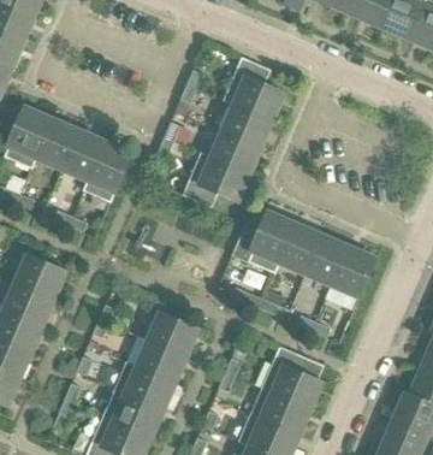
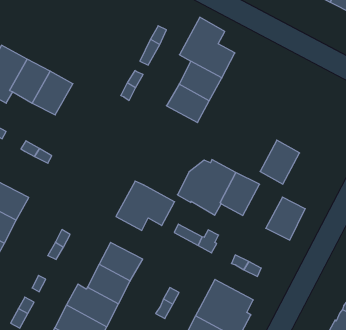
building: [84,142,131,200] -> none
building: [183,154,247,208] -> [116,181,175,230]
building: [306,236,348,284] -> [260,140,300,184]

